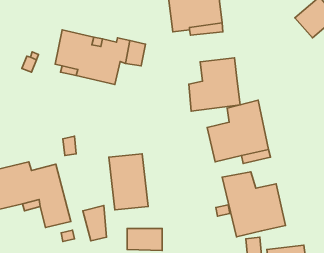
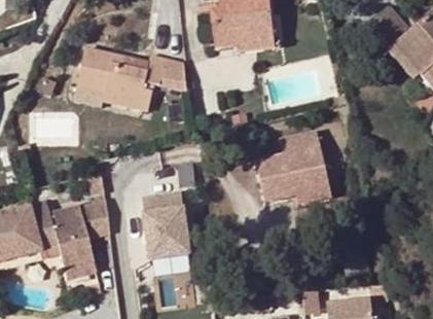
building: [189,58,240,111] -> none
building: [222,172,286,237] -> none
building: [83,206,107,241] -> [79,198,107,239]

